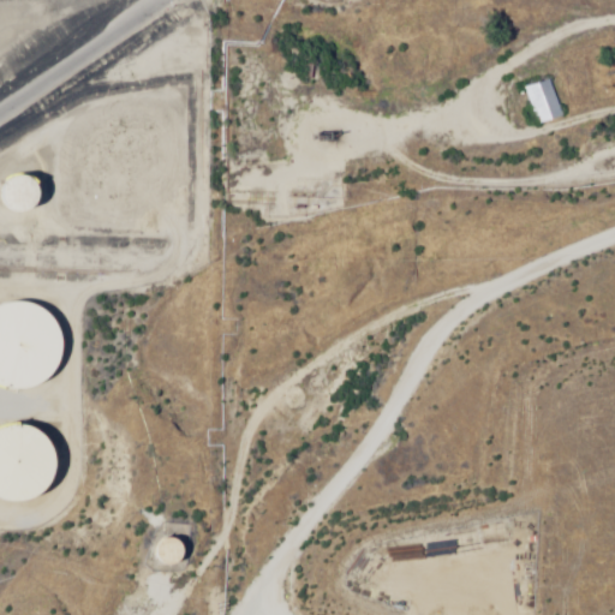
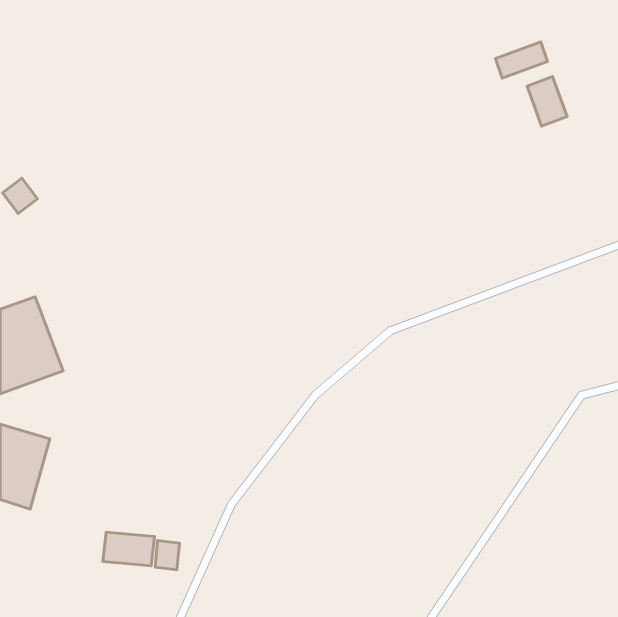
building: none -> [496,42,548,78]
building: none -> [103,532,154,566]

